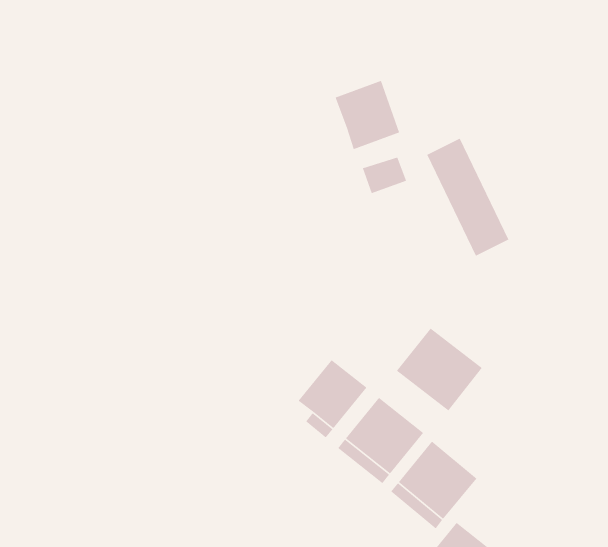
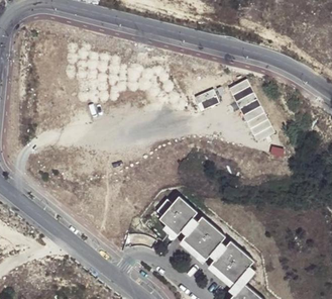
building: [335,80,400,150] -> none
building: [396,327,483,411] -> none

